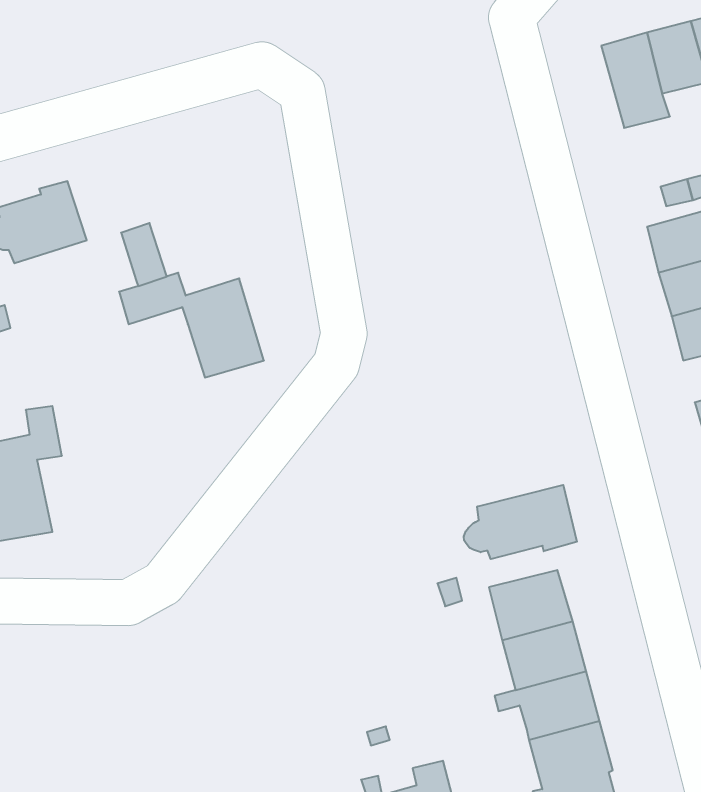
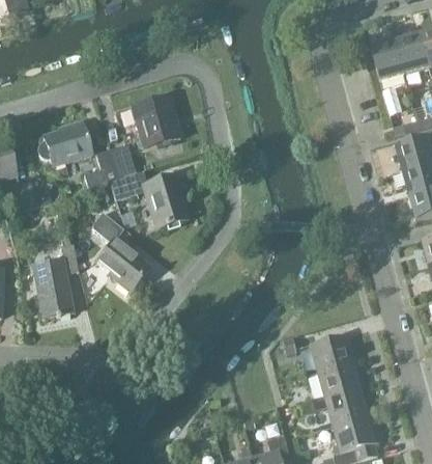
building: none -> [129,94,181,147]
building: none -> [85,148,120,187]
building: none -> [91,212,150,292]
building: [464,485,577,559] -> none

